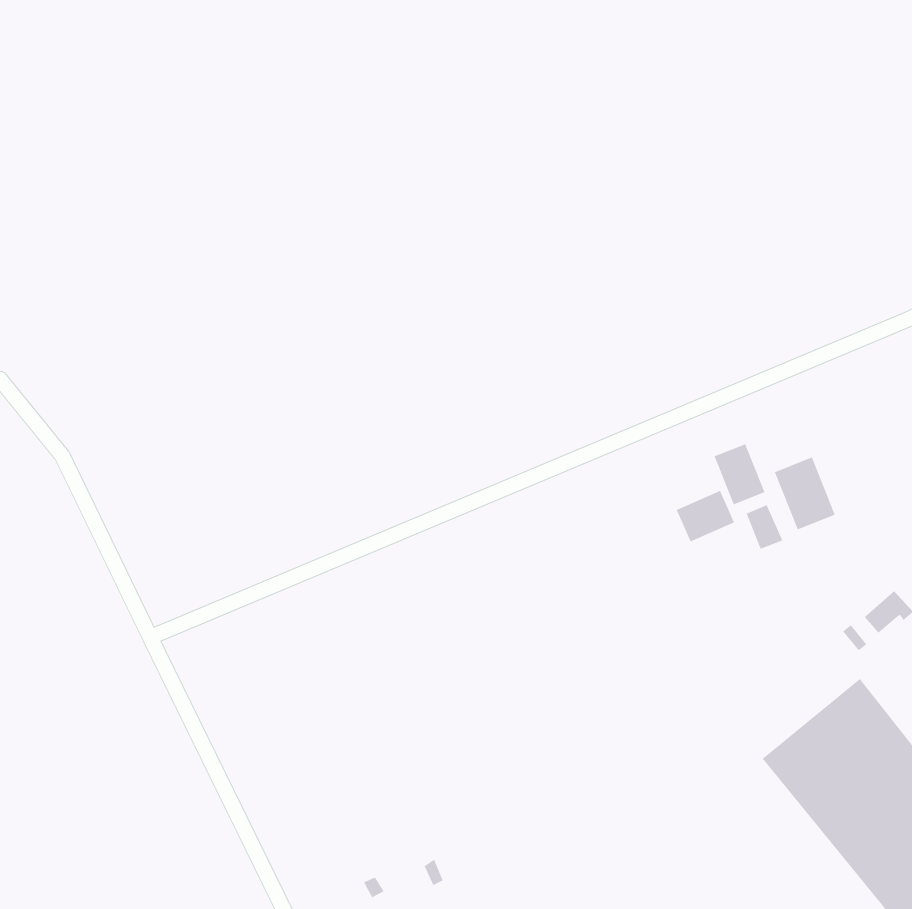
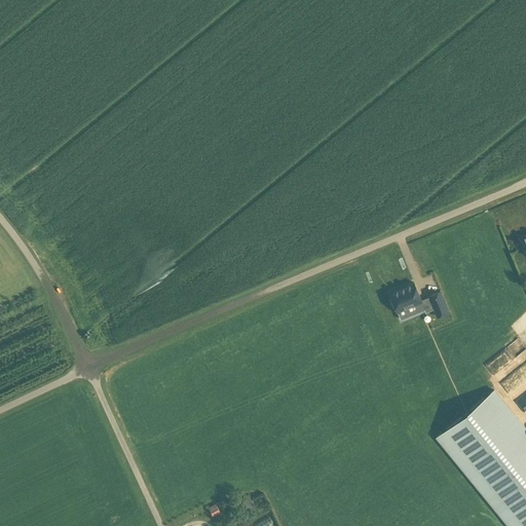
building: [714,443,765,505] -> none
building: [774,457,836,530] -> none

